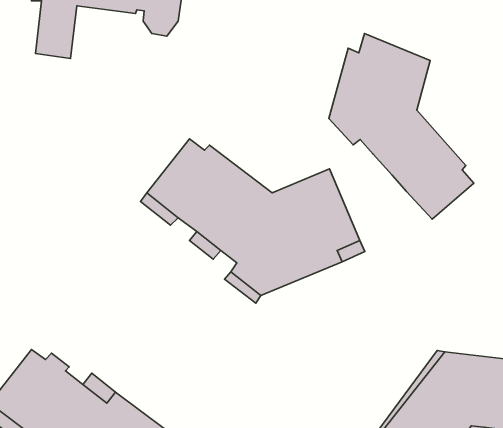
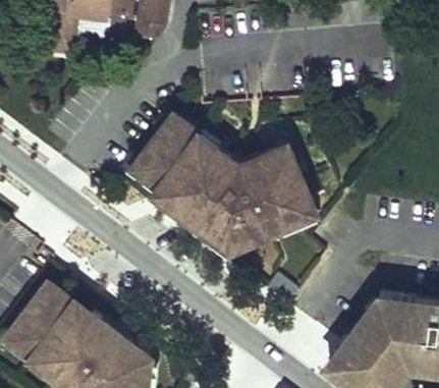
building: [329,33,474,219] -> none

